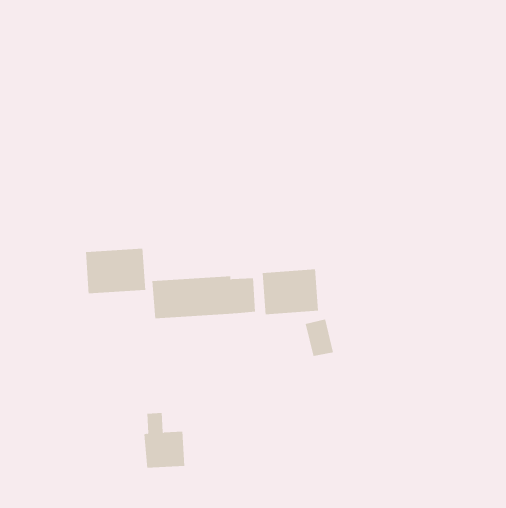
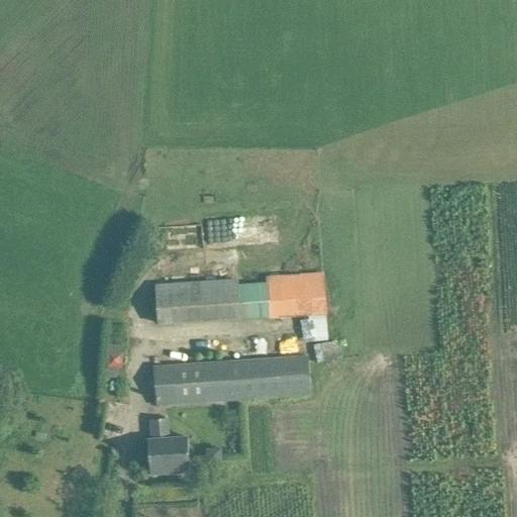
building: [86,248,146,294] -> none
building: none -> [163,355,309,405]

